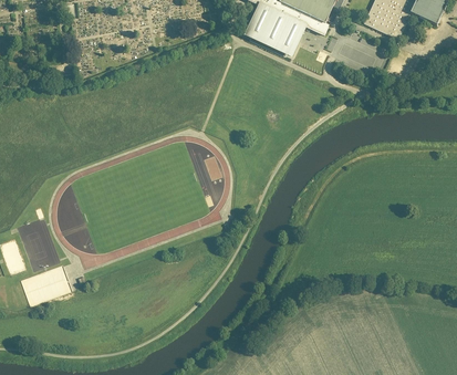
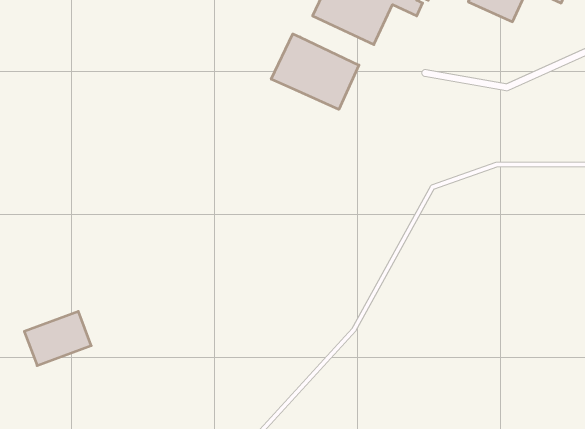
building: none -> [271,34,359,109]

